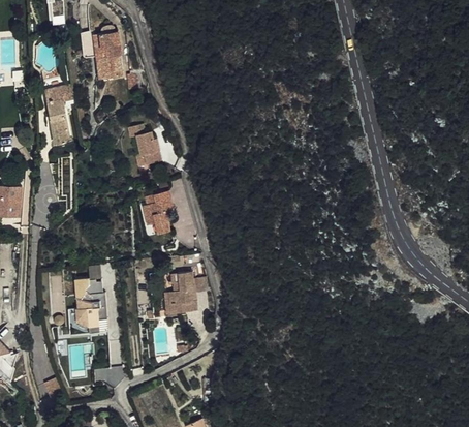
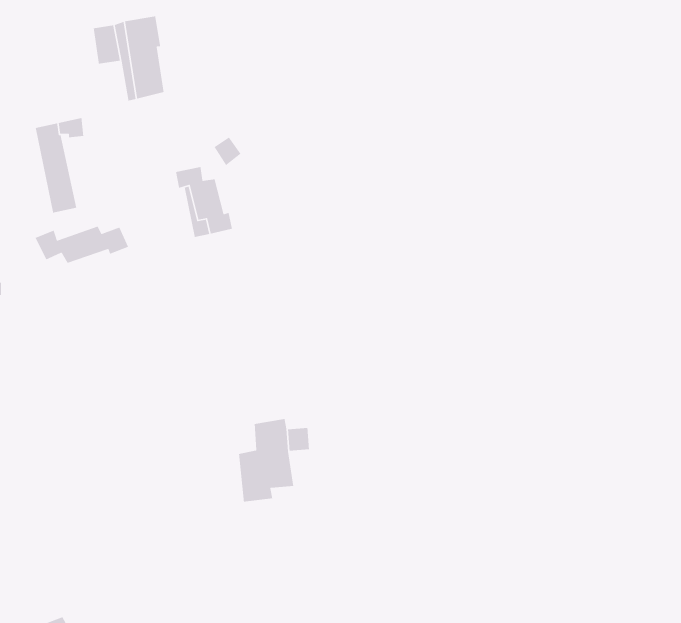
building: none -> [34,226,129,264]
building: [143,188,171,231] -> none
building: [72,280,104,330] -> none

